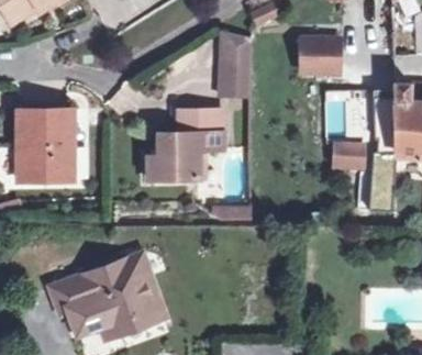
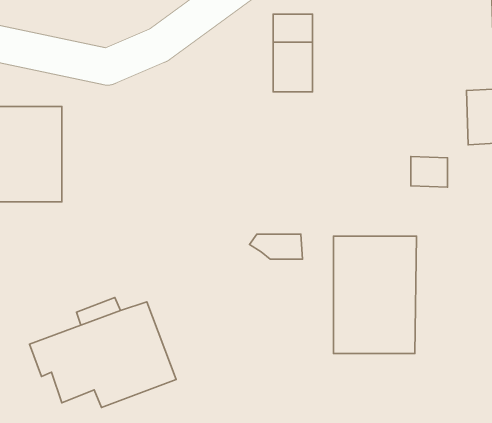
building: [297,41,335,75] -> none
building: [147,110,224,179] -> none
building: none -> [334,236,417,353]

